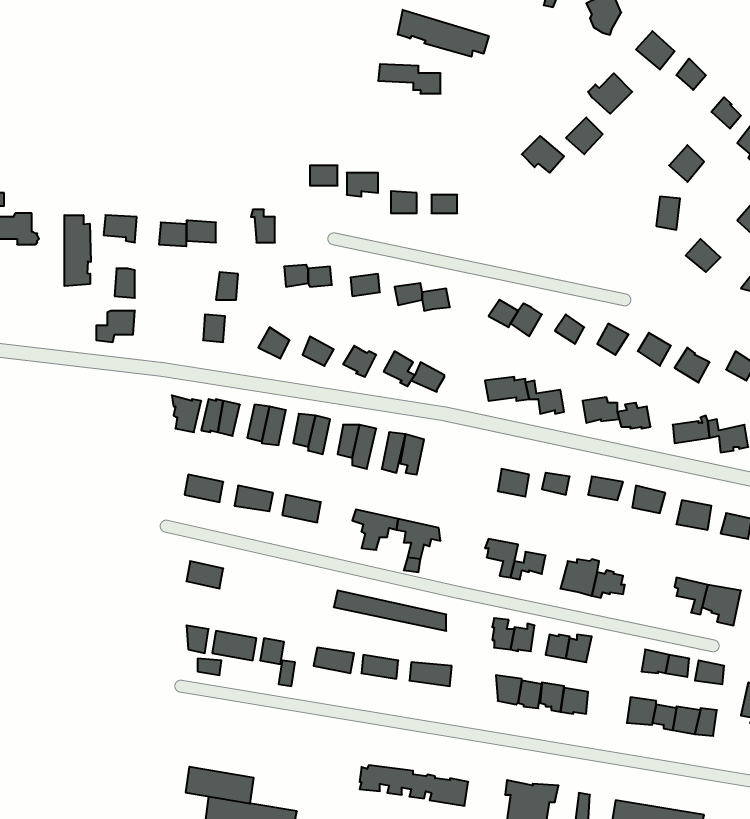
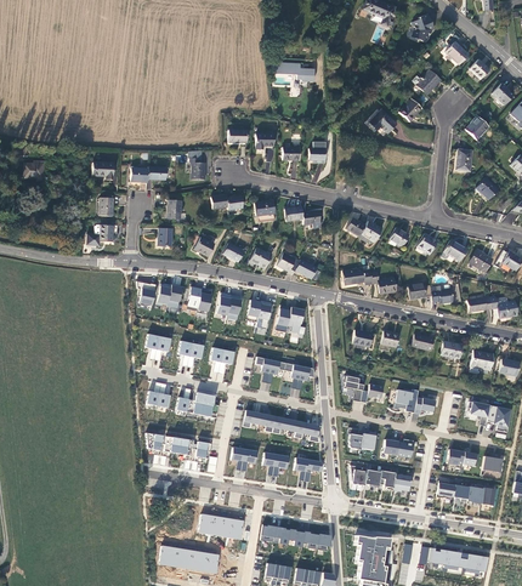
building: [398,10,489,57] -> none
building: [64,215,91,286] -> none
building: none -> [177,392,220,417]
building: [186,767,254,803] -> [199,513,244,537]

